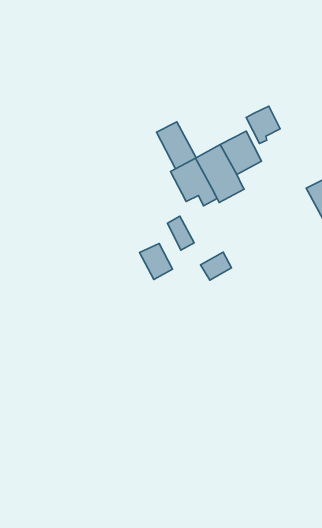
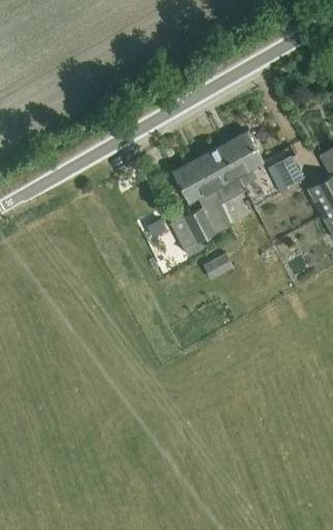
building: [246,106,280,143] -> [268,156,302,194]
building: [156,122,196,169] -> none
building: [139,243,173,280] -> [182,207,215,243]

